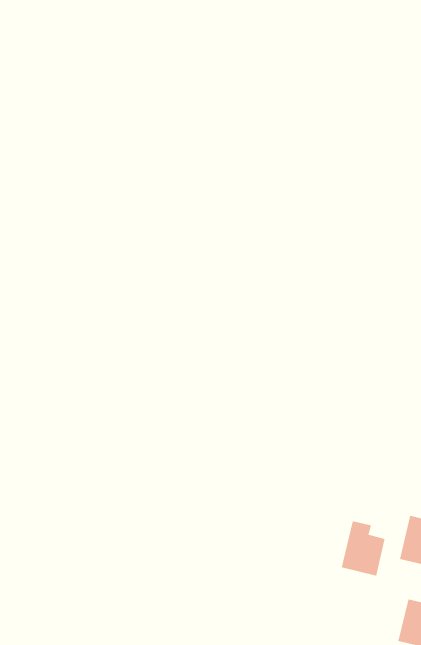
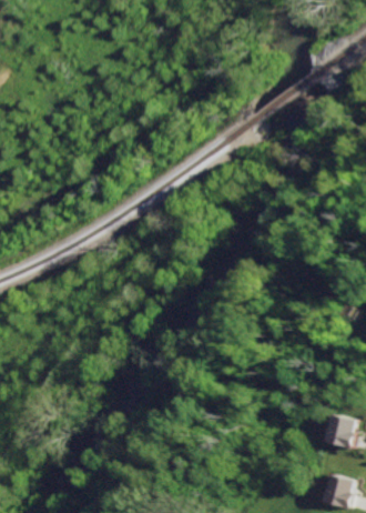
building: [341,520,385,577] -> none

